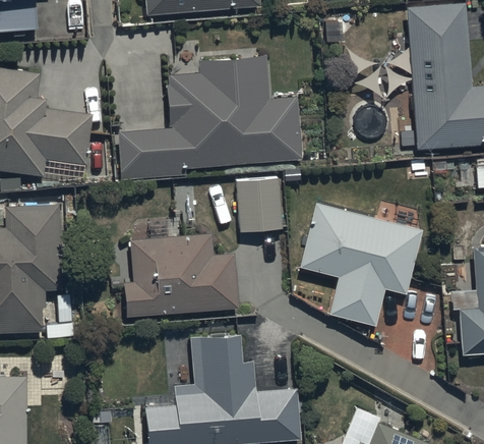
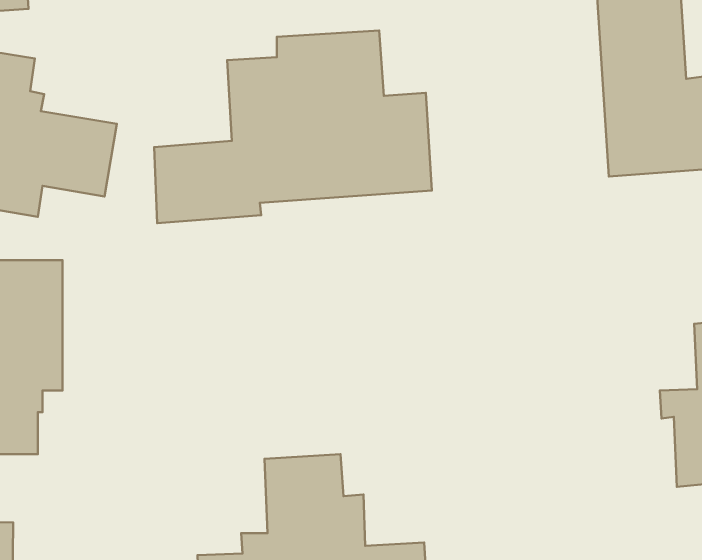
building: [236,178,282,230] -> none
building: [297,202,423,326] -> none
building: [126,220,238,315] -> none

